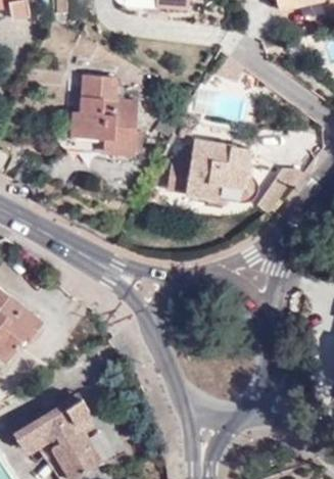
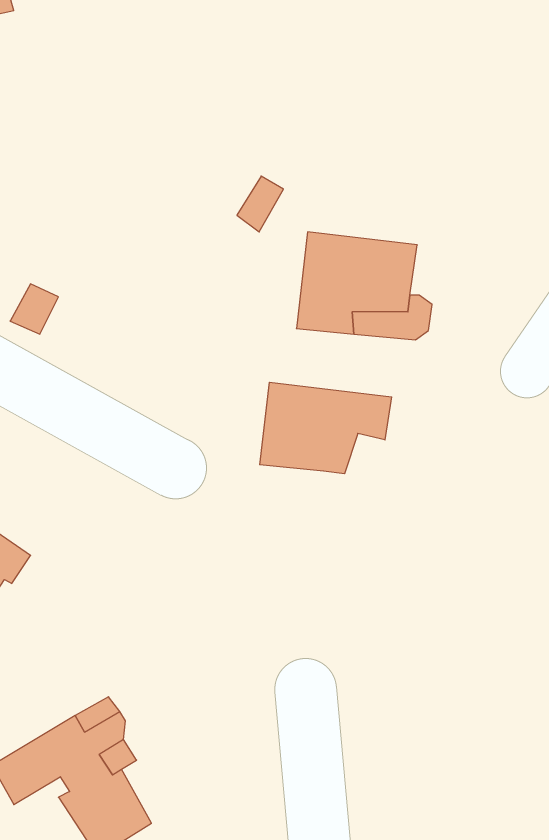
building: [73,78,136,157] -> none
building: none -> [260,382,392,474]

